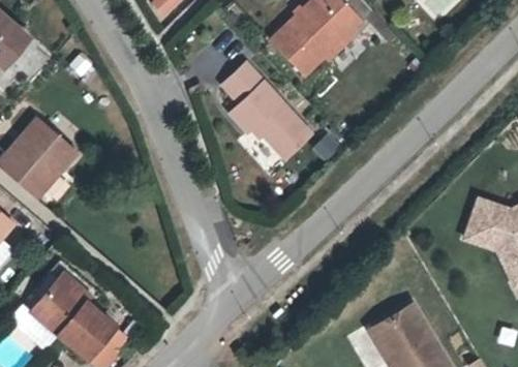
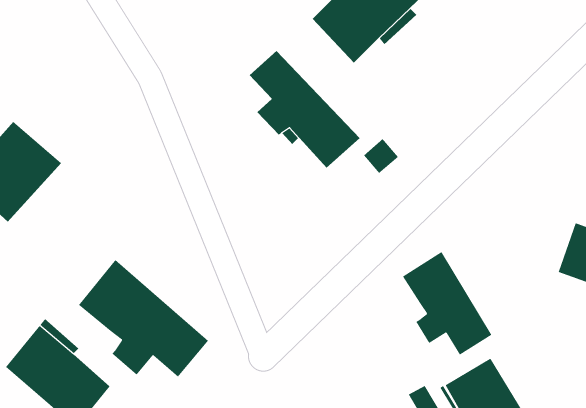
building: none -> [402,251,492,356]
building: none -> [78,259,209,377]

